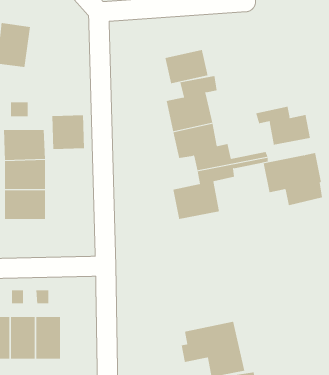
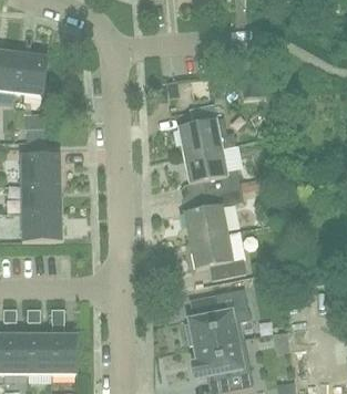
building: [165,49,208,84] -> none
building: [256,106,310,145] -> none
building: [52,115,85,150] -> none
building: [263,153,323,206] -> [188,230,246,281]
building: none -> [188,289,249,348]

